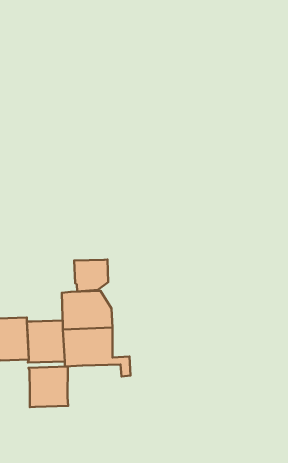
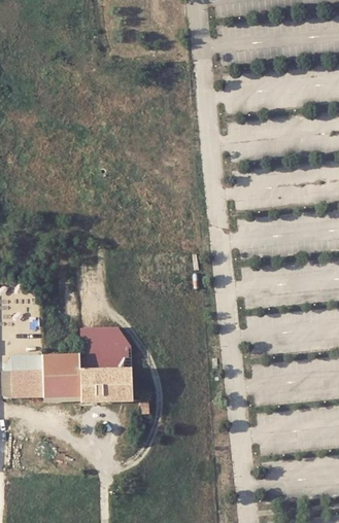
building: [74,260,108,291] -> none
building: [28,366,68,407] -> none

